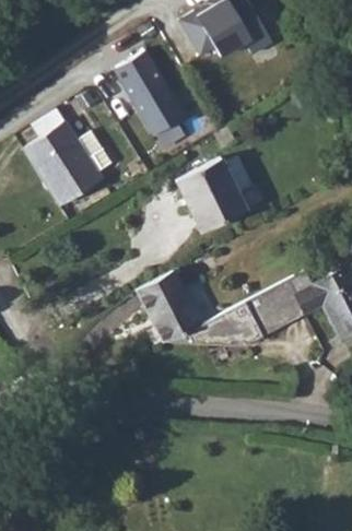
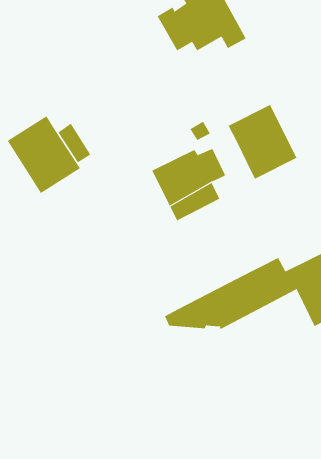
building: [116,54,186,140] -> none
building: none -> [228,104,297,180]
building: [134,269,201,343] -> none

